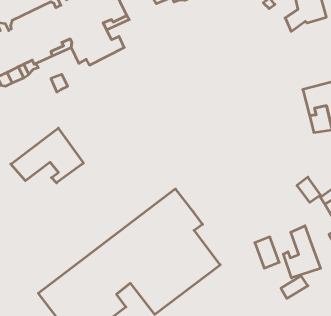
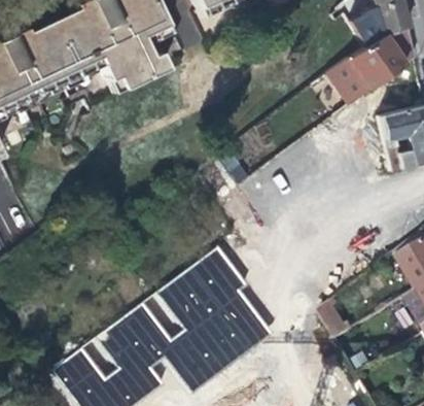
building: none -> [333,35,400,98]
building: [11,128,83,183] -> none
building: [283,226,321,278] -> none

